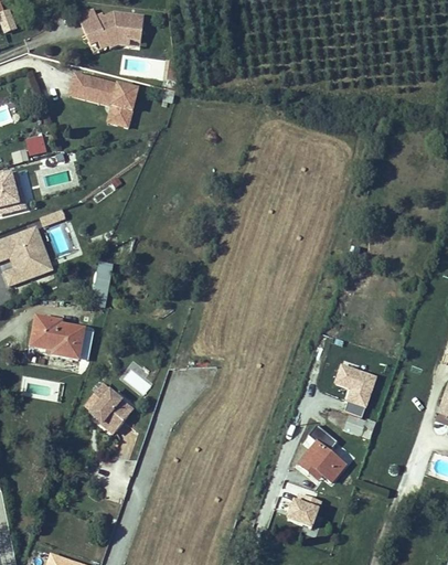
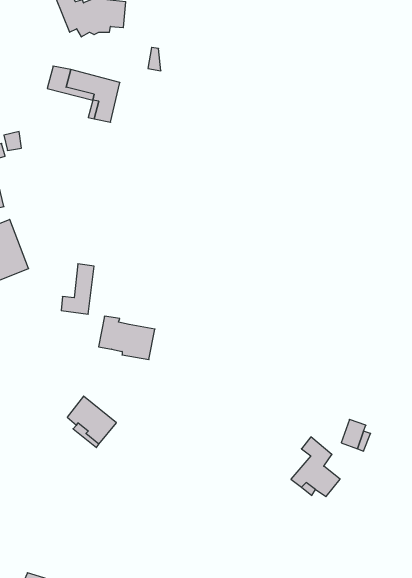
building: [31,318,84,359] -> [99,316,155,360]
building: [331,362,377,408] -> none
building: [287,491,322,527] -> none

